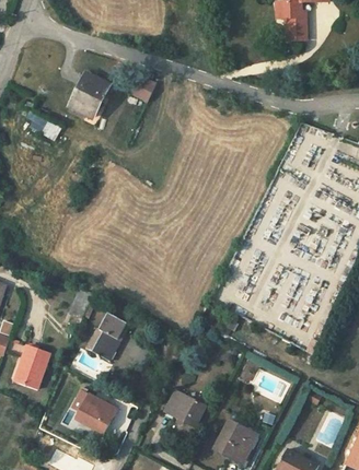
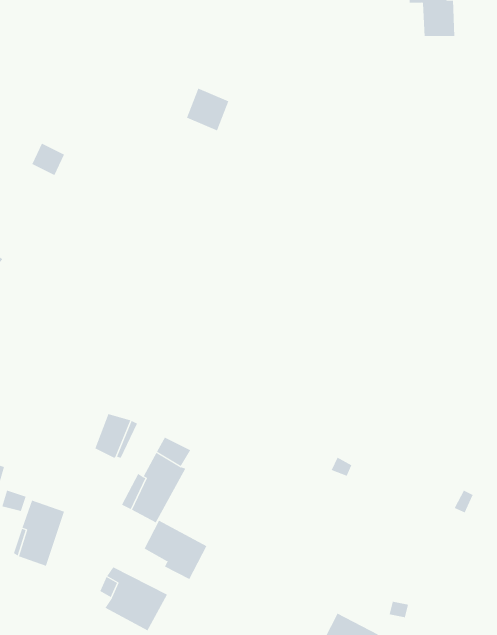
building: [72,77,108,117] -> none
building: none -> [144,520,207,580]
building: [164,390,205,424] -> none

